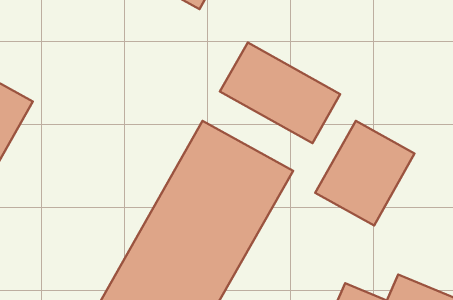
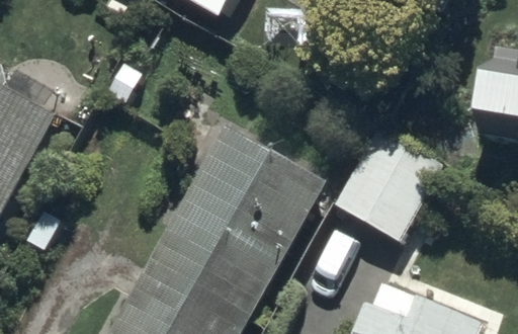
building: [220,42,340,143] -> none

